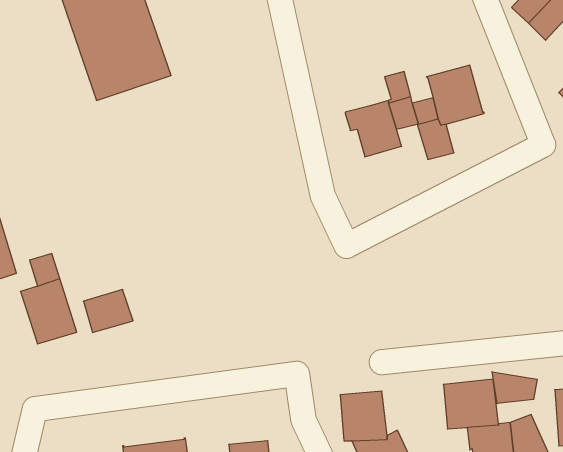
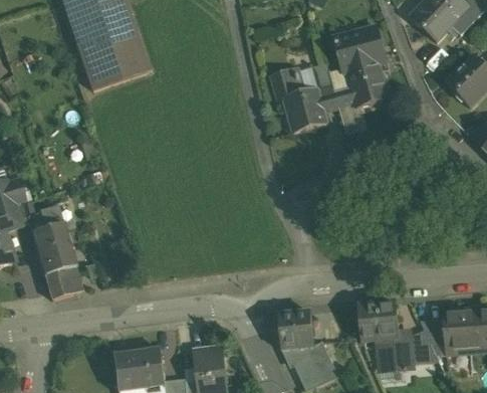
building: none -> [334,25,384,71]
building: none -> [273,71,302,99]
building: [83,289,133,333] -> [46,265,84,299]
building: [492,372,537,404] -> none

